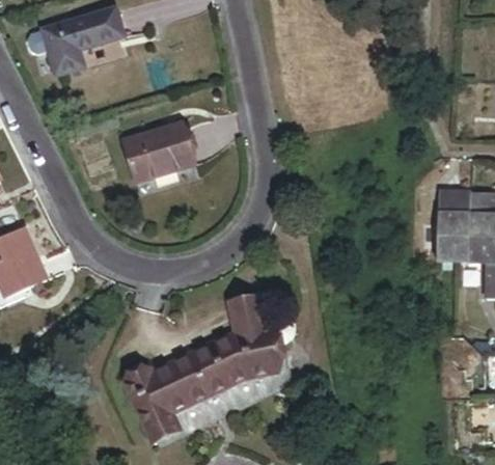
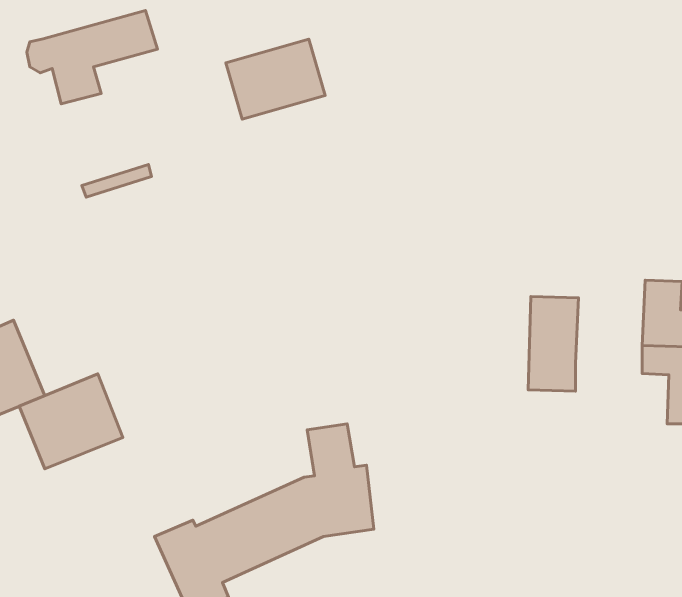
building: [126,122,195,179] -> [226,39,325,119]
building: [432,196,467,263] -> [528,296,578,391]
building: none -> [19,374,123,469]

